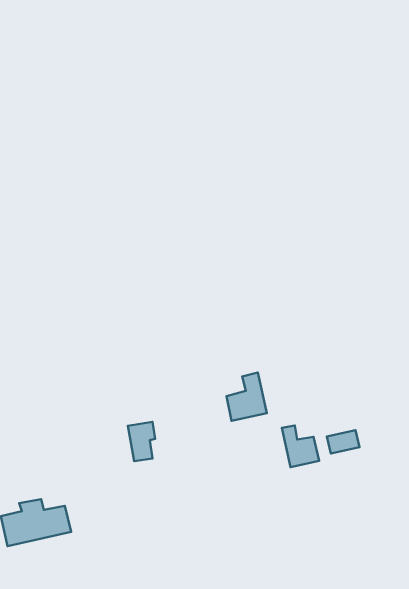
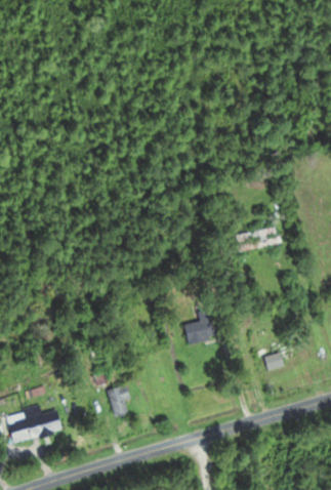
building: [128,422,155,461] -> [108,386,129,417]
building: [282,425,319,467] -> none

